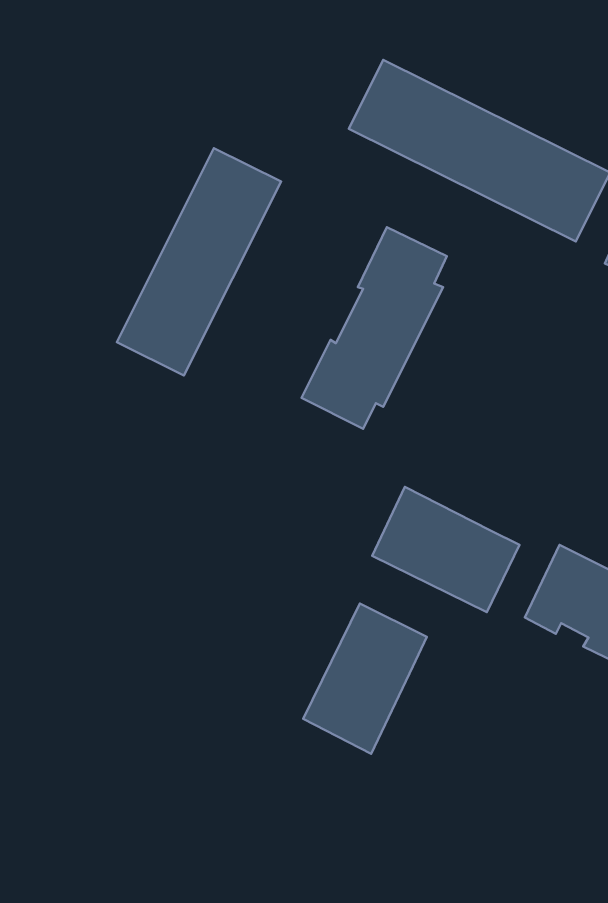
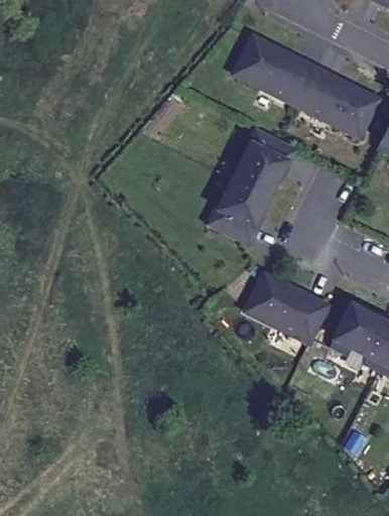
building: [117,148,281,375] -> none
building: [303,604,427,754] -> none

